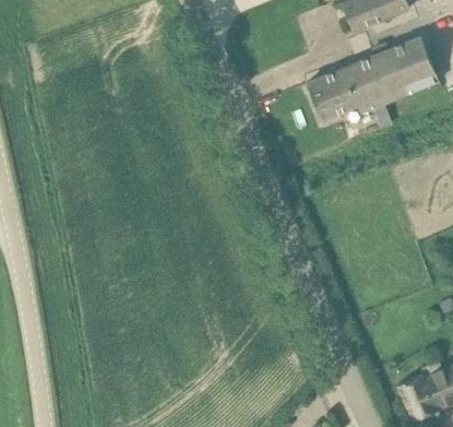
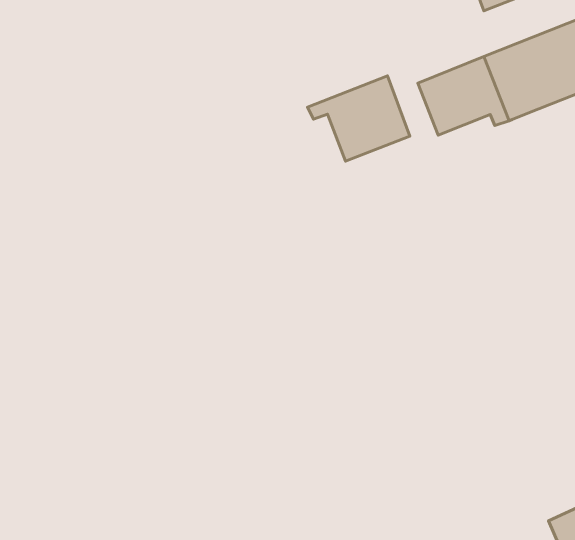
building: none -> [308,76,410,161]

